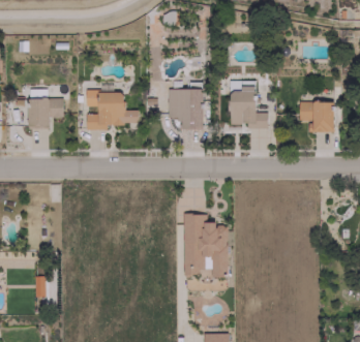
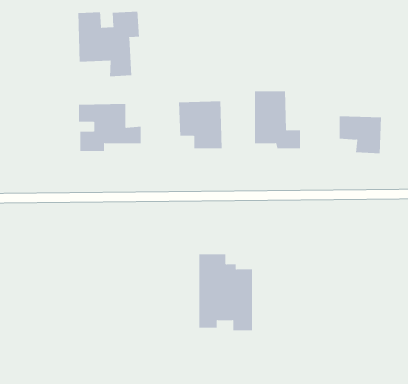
building: none -> [78,11,139,77]
building: [29,97,63,127] -> none

